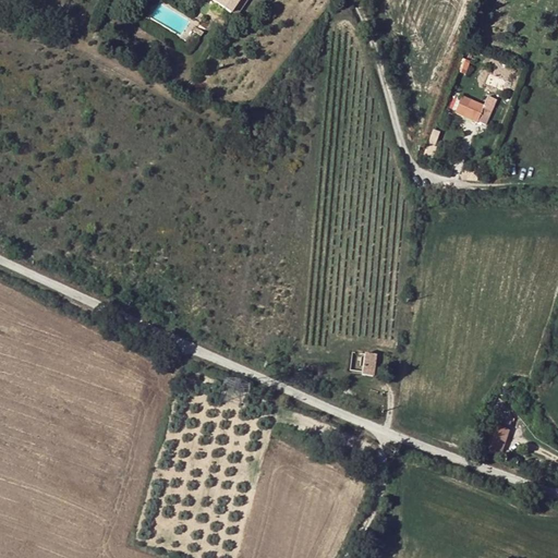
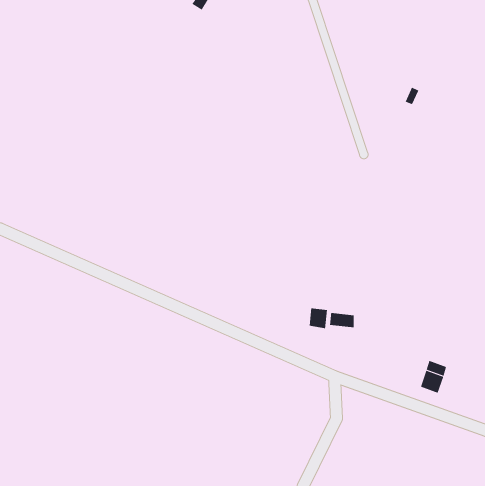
building: none -> [330,312,354,328]

